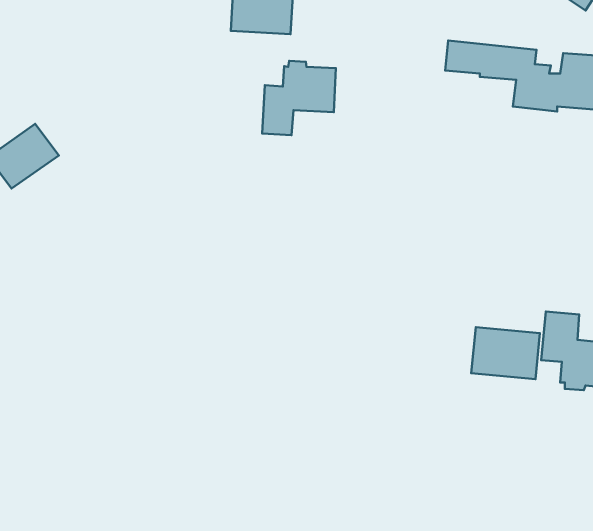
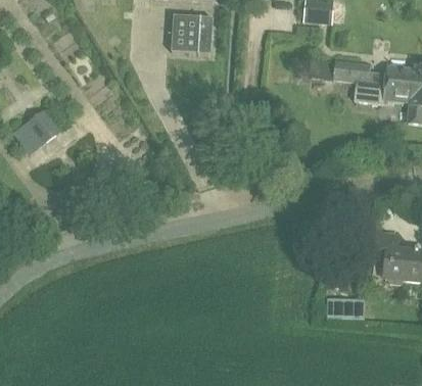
building: [262,61,336,135] -> none
building: [471,327,540,379] -> none

